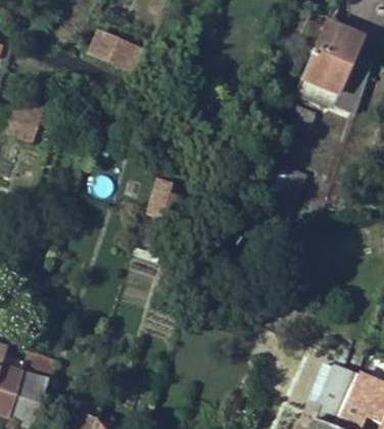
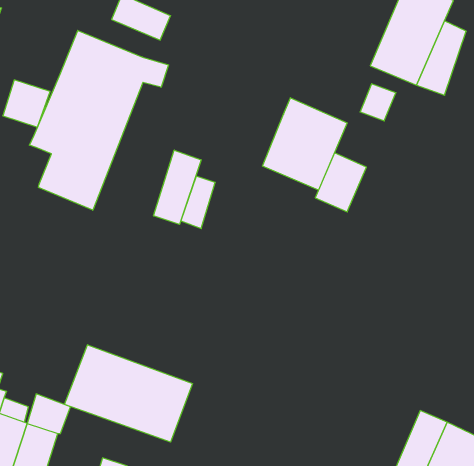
building: none -> [29,30,168,210]
building: none -> [263,98,347,190]
building: none -> [154,150,201,224]
building: none -> [64,345,192,442]

